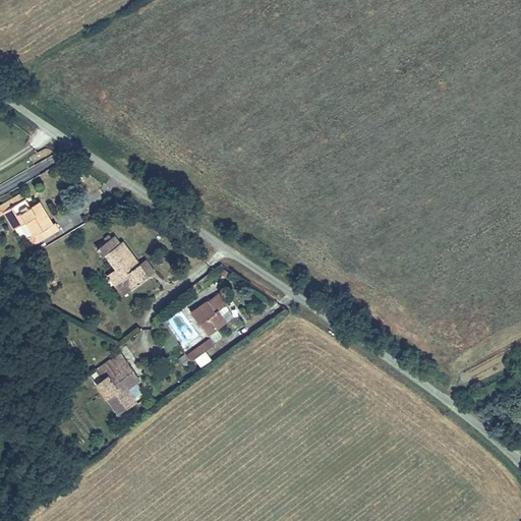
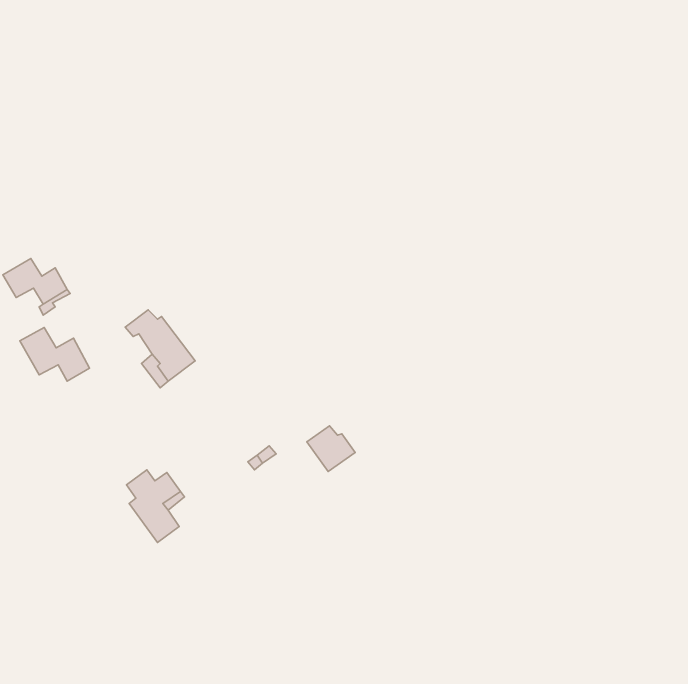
building: none -> [20,328,89,381]
building: [193,302,230,337] -> [307,426,355,471]

